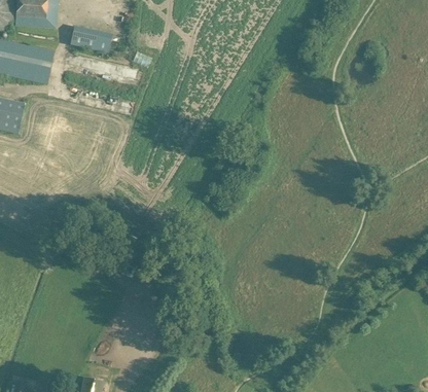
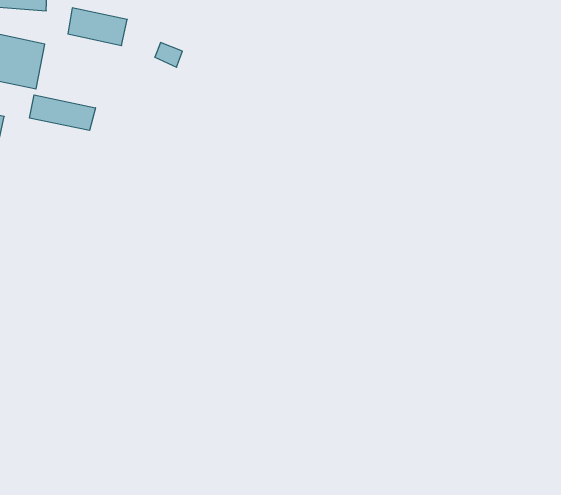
building: none -> [30,95,95,130]

